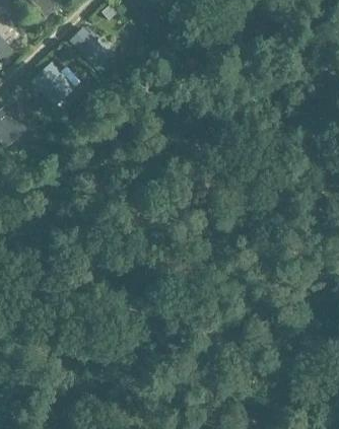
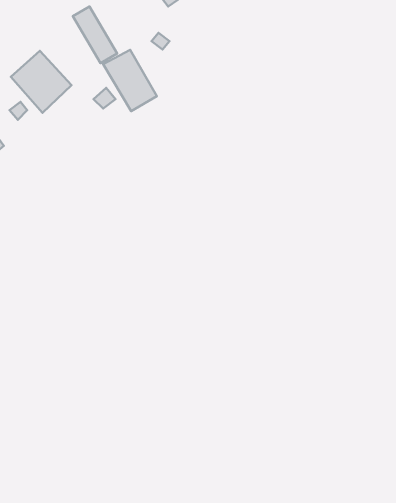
building: none -> [103,50,157,111]

